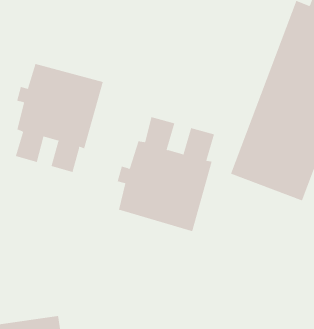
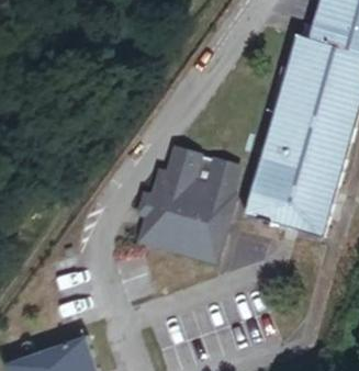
building: [15,63,104,173] -> none

